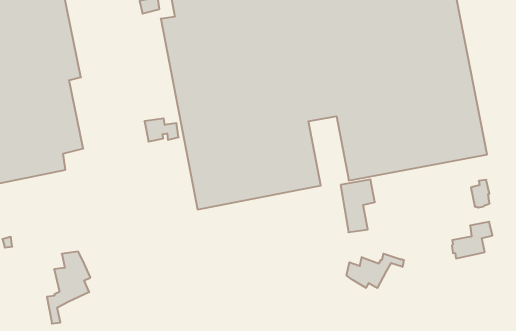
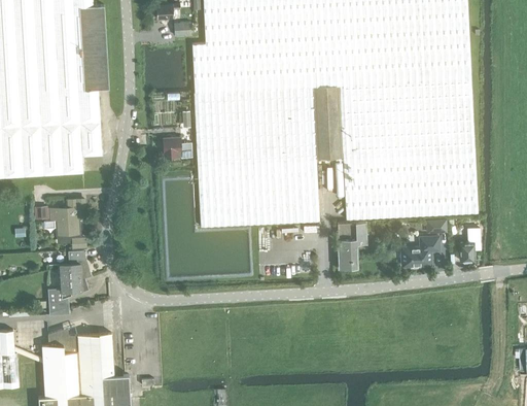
building: none -> [48,200,85,246]
building: [452,222,492,258] -> [400,236,440,266]
building: [347,254,404,288] -> none

